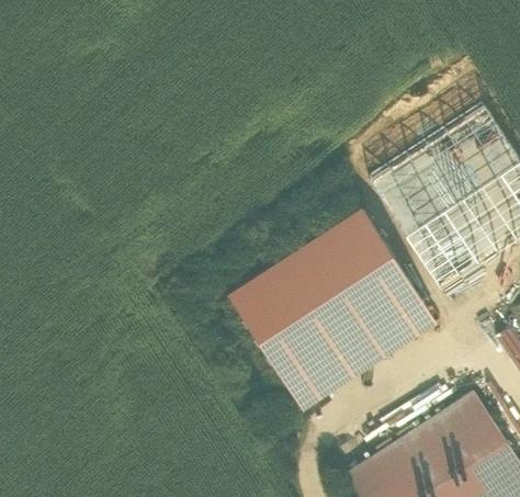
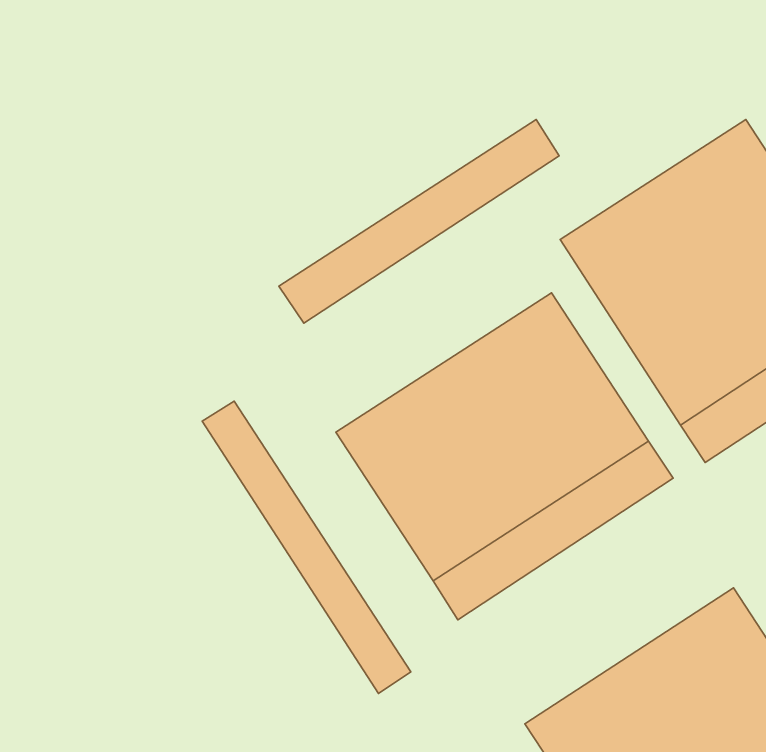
building: none -> [279,120,559,323]
building: none -> [202,401,411,694]

